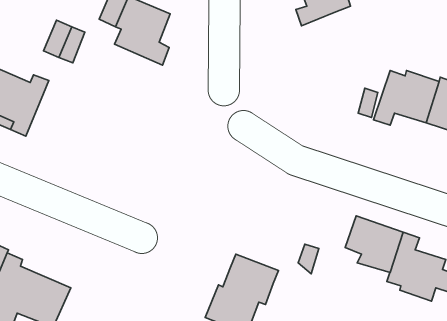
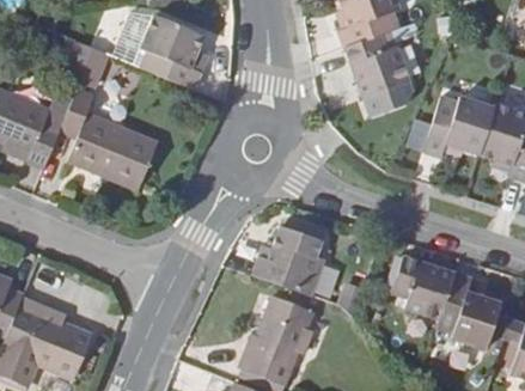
building: none -> [346,32,410,116]
building: none -> [63,86,158,190]
building: none -> [255,209,329,295]

